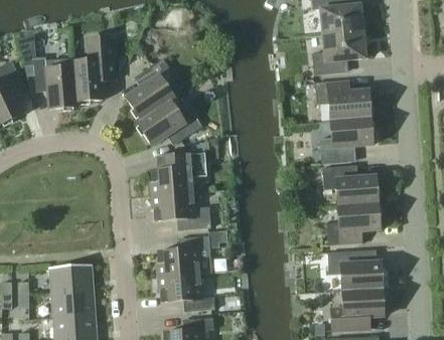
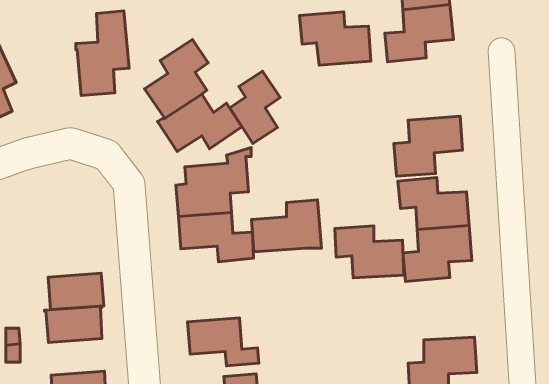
building: [33,55,77,108] -> none
building: [315,78,371,120] -> [300,12,371,65]
building: none -> [230,71,280,143]
building: [157,235,211,276] -> [251,200,321,252]
building: [328,249,382,290] -> [335,226,404,278]
building: [51,289,95,317] -> [48,273,104,310]

